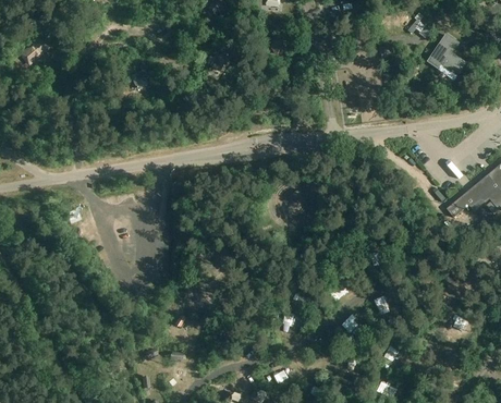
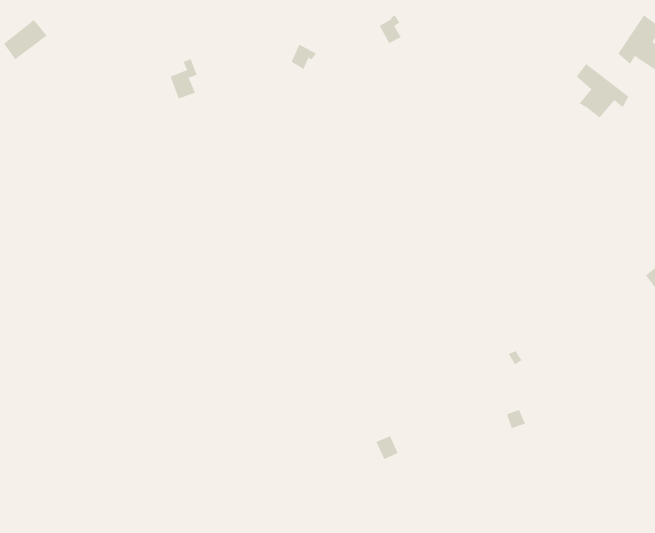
building: none -> [576,63,629,119]

